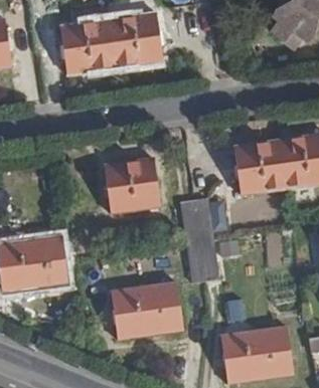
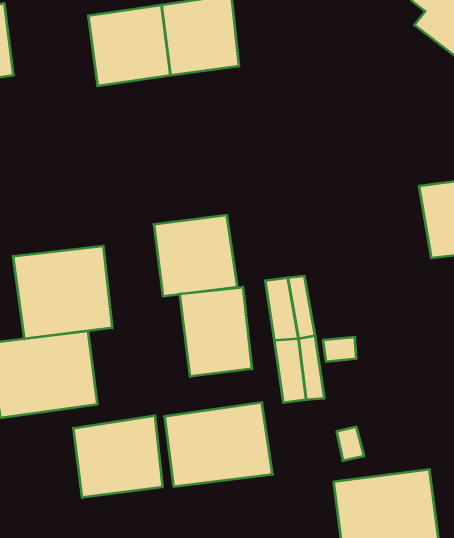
building: [236,139,288,193] -> none
building: none -> [13,246,112,339]
building: none -> [180,287,252,377]
building: none -> [73,416,162,498]

